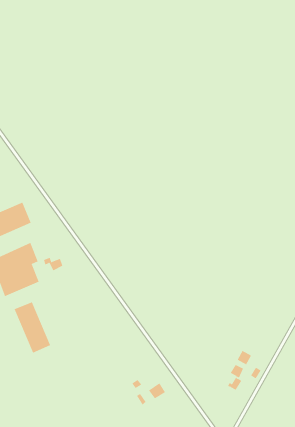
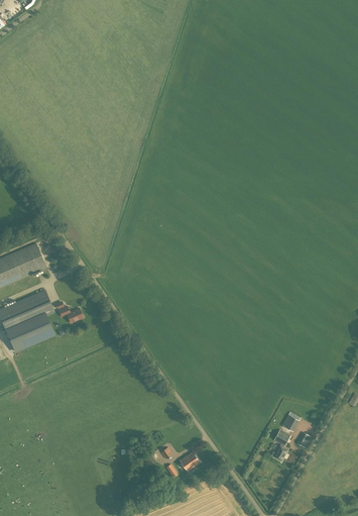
building: [14,301,51,353] -> none

